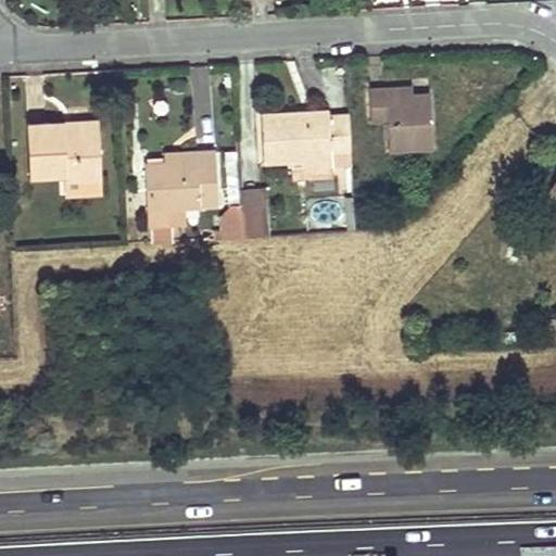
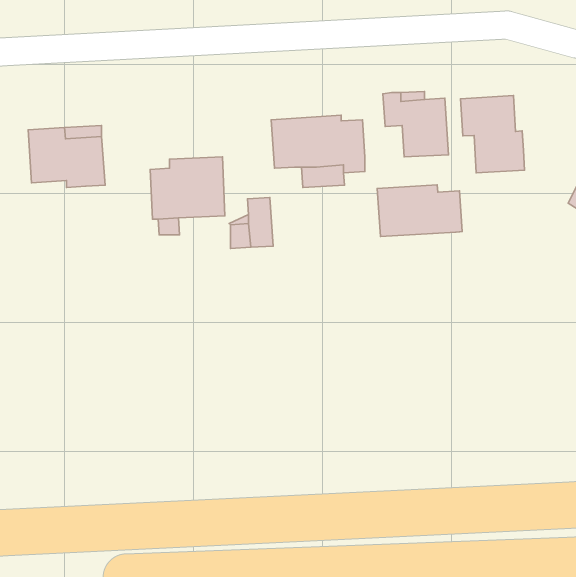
building: none -> [461,96,525,173]
building: none -> [377,185,462,236]

